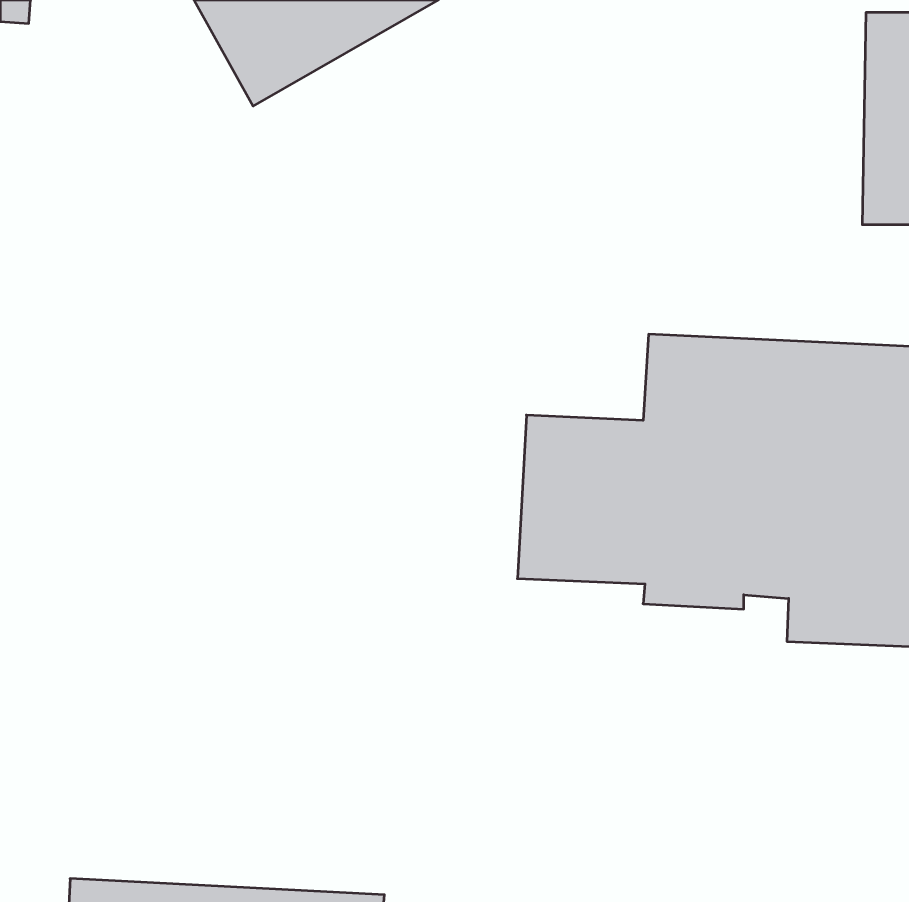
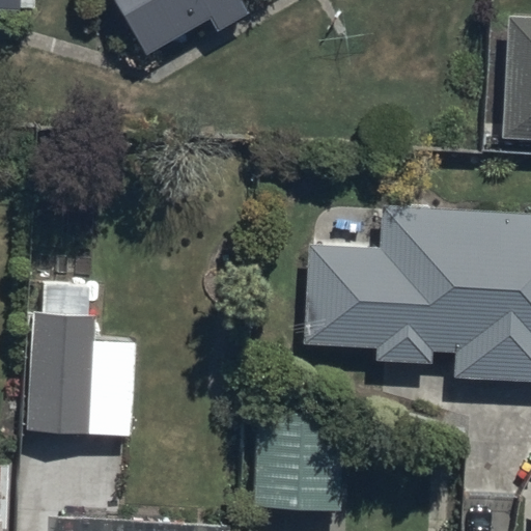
building: none -> [26,285,138,438]
building: none -> [250,409,354,516]

